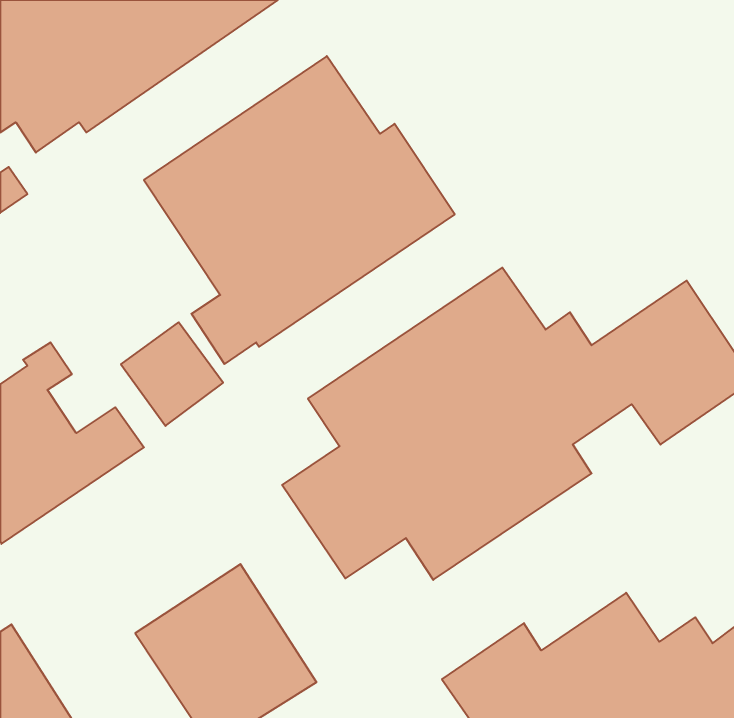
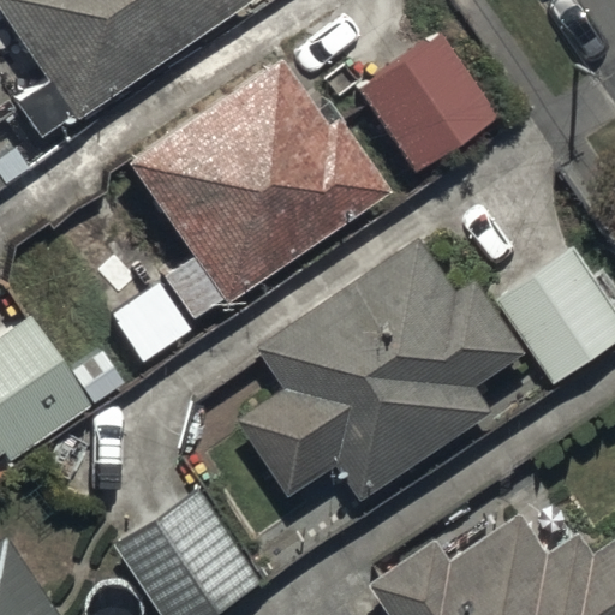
building: none -> [352,35,492,177]

